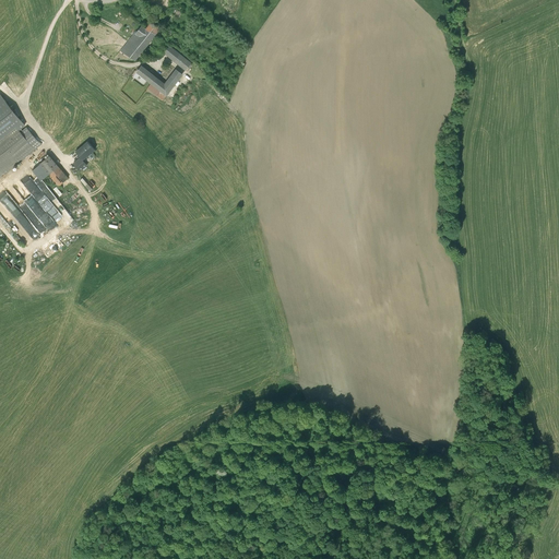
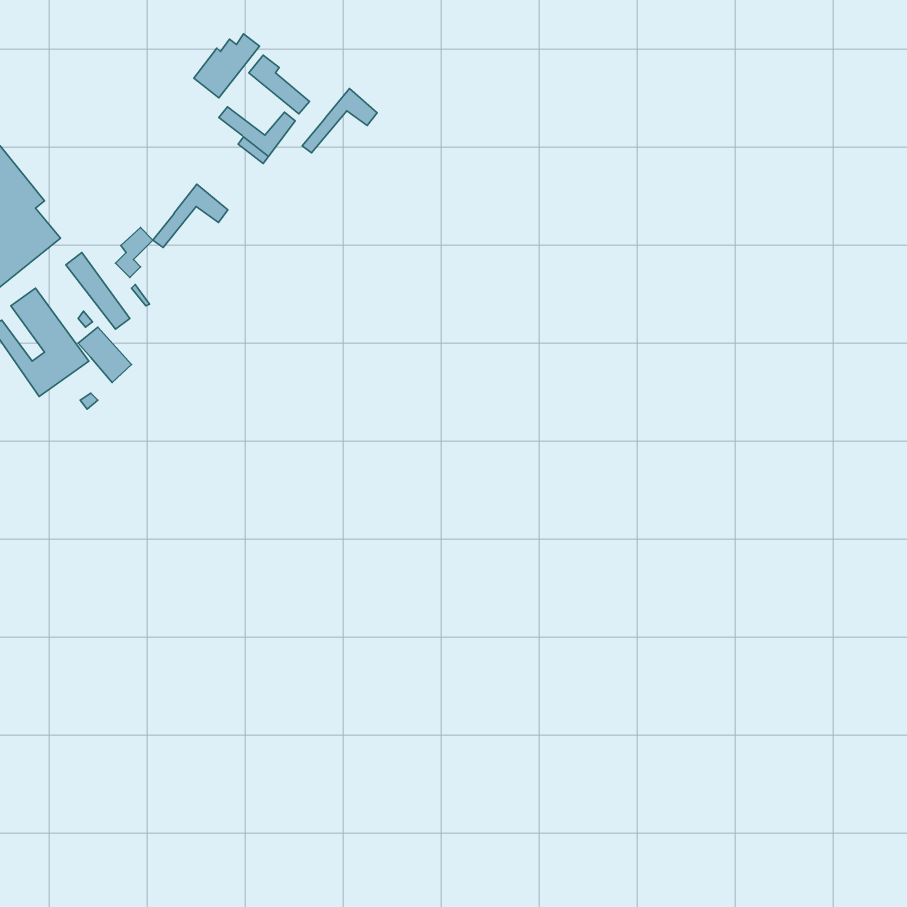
building: none -> [302,89,377,153]
building: none -> [153,184,228,248]

